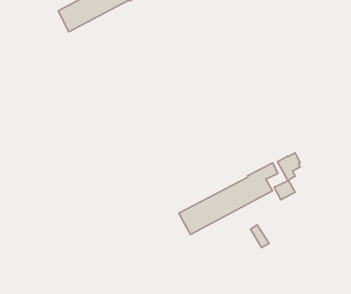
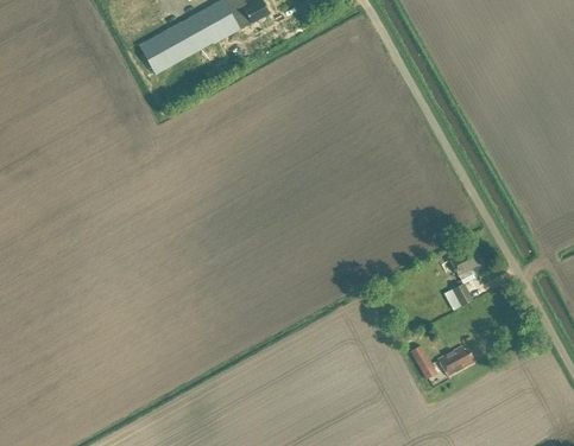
building: [179,163,278,234] -> none
building: none -> [439,346,475,376]

